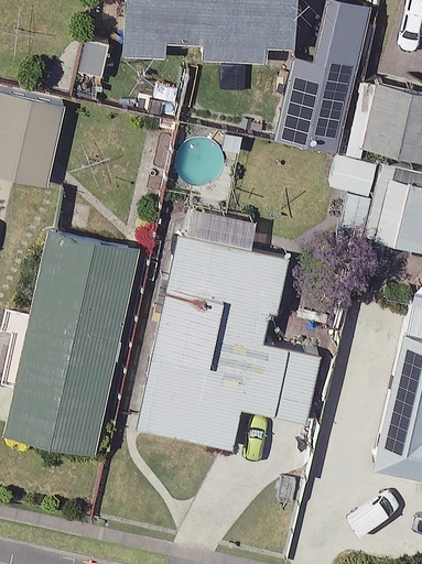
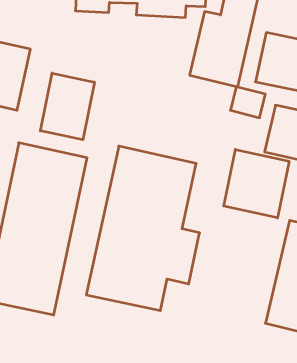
building: none -> [40,73,94,140]
building: none -> [224,149,289,218]

